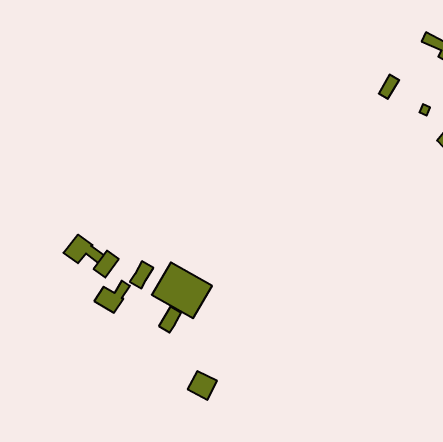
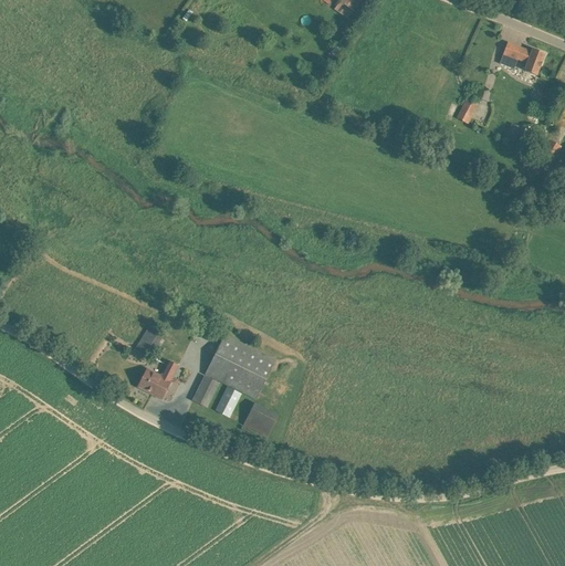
building: [63,235,104,263] -> none
building: [130,261,153,288] -> [192,375,219,407]
building: [188,371,217,400] -> [242,401,276,434]

